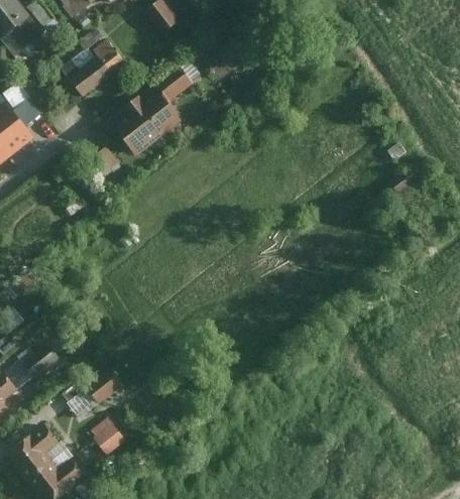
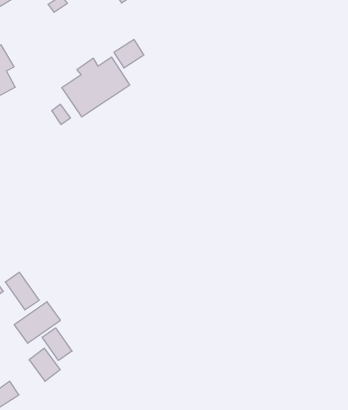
building: [73,38,129,92] -> none
building: none -> [5,272,39,310]
building: none -> [42,328,72,360]

